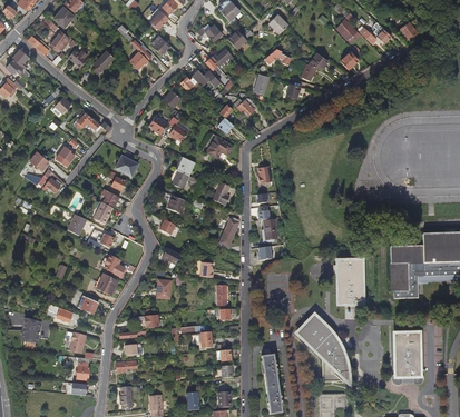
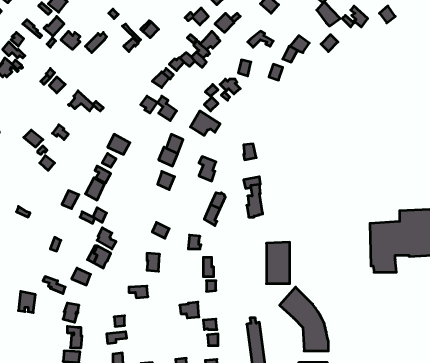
building: [336,260,361,304] -> [266,242,290,284]
building: [389,329,422,385] -> none

